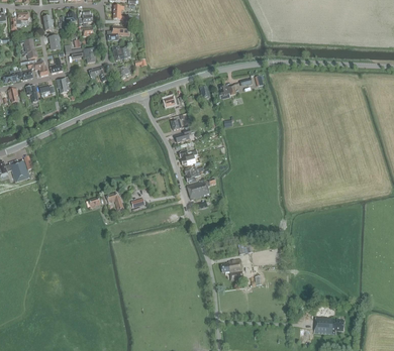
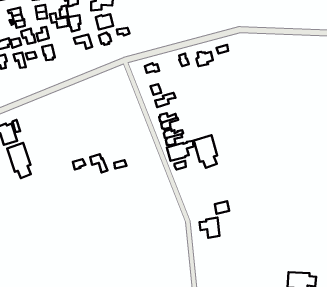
building: none -> [194,135,217,168]
building: none -> [7,143,31,178]

